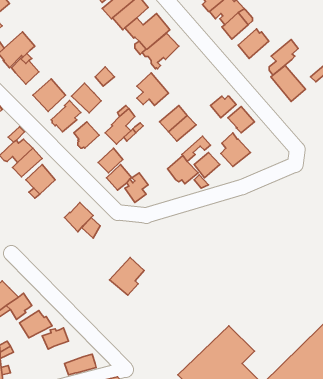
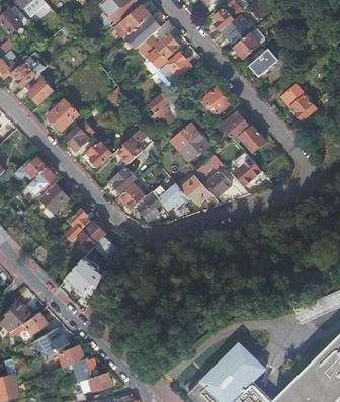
building: [269,39,298,75] -> none
building: none -> [200,87,229,116]
building: [72,83,101,113] -> none
building: none -> [153,179,187,212]
building: none -> [64,208,88,241]
building: [110,257,144,295] -> [65,257,99,295]
building: none -> [67,355,96,381]

